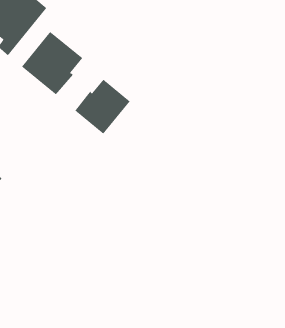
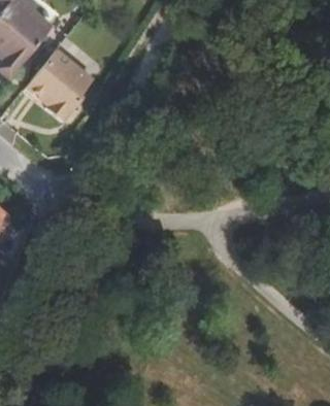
building: [75,79,130,134] -> none

